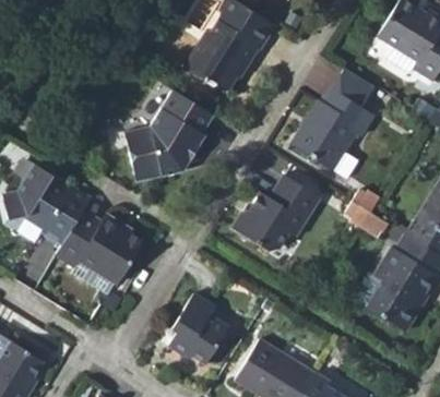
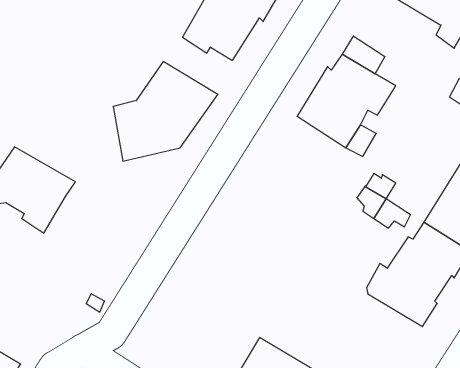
building: [234,176,323,250] -> none
building: [60,212,143,290] -> none
building: [163,294,227,361] -> none

